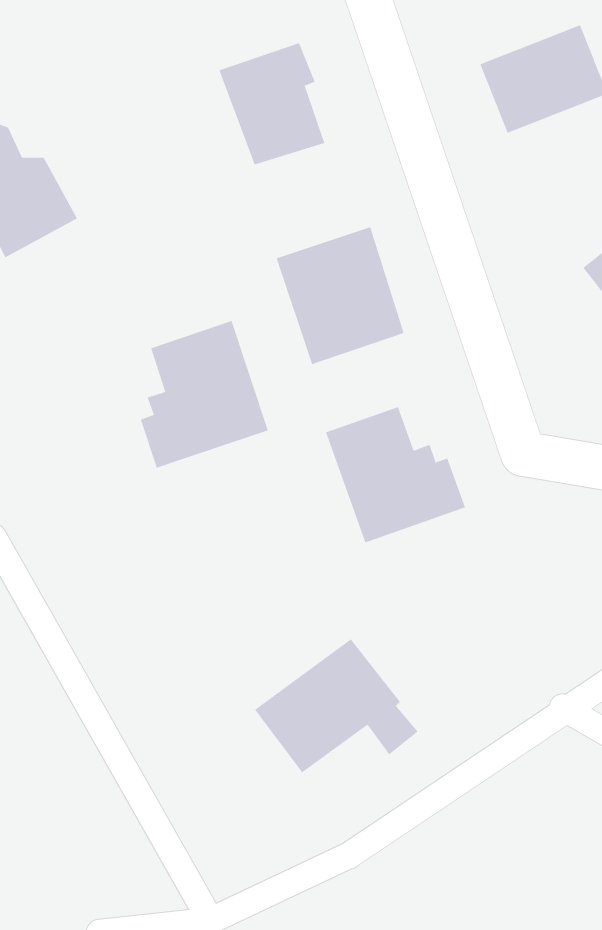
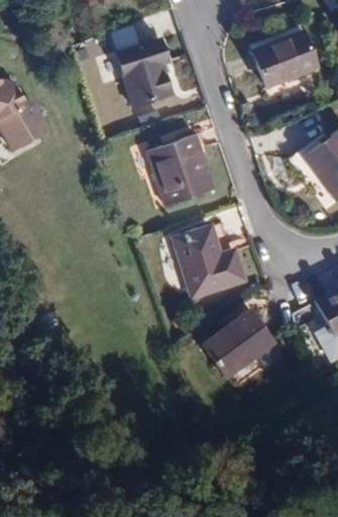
building: [140,320,269,469] -> none
building: [254,638,418,773] -> [201,310,285,379]

